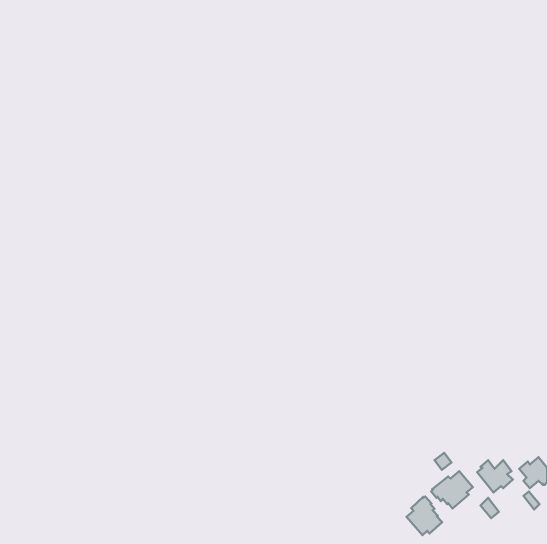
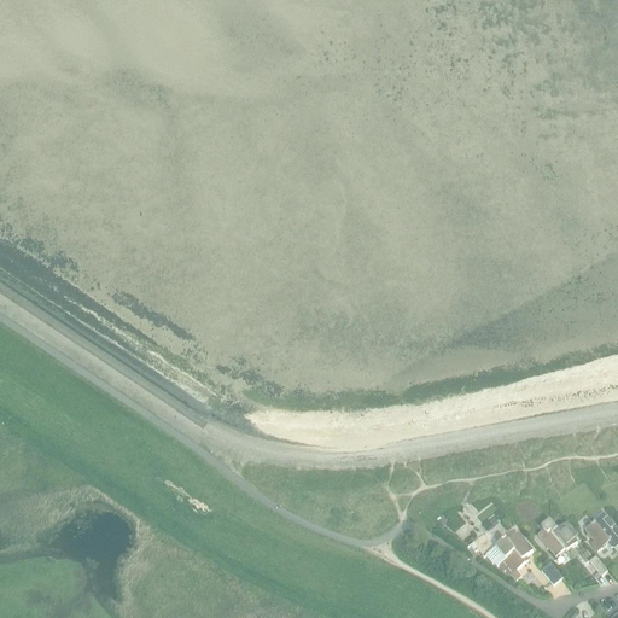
building: [407,496,442,535] -> none

